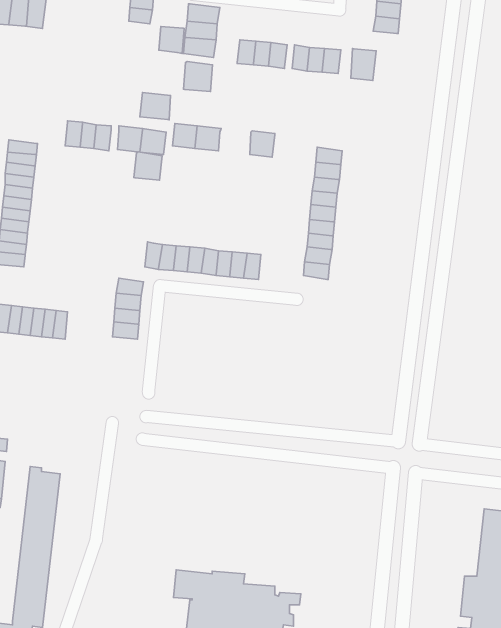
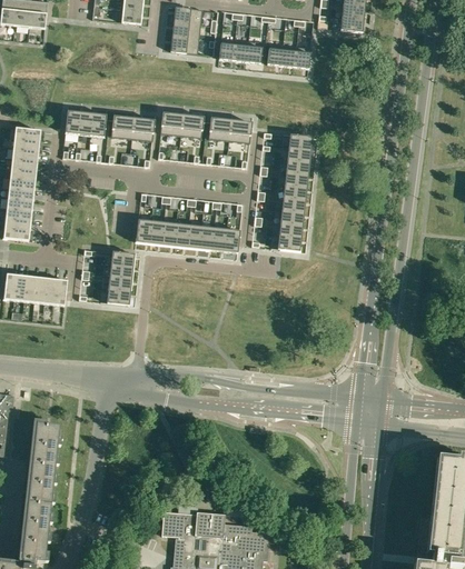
building: [159,27,184,54] -> none
building: [351,48,376,80] -> none
building: [183,61,213,92] -> none
building: [140,93,170,120] -> none
building: none -> [208,118,231,141]
building: [134,152,162,180] -> none

